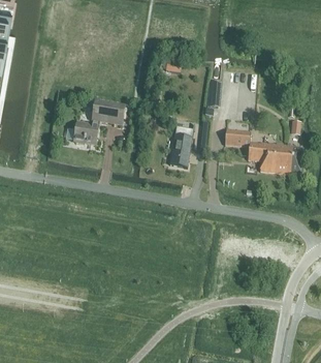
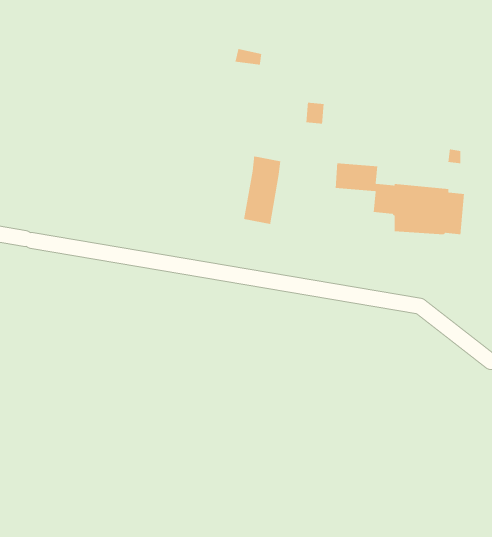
building: [74,100,125,145] -> none

